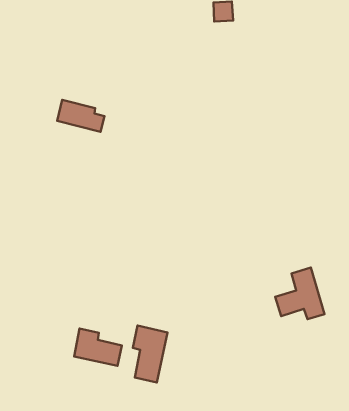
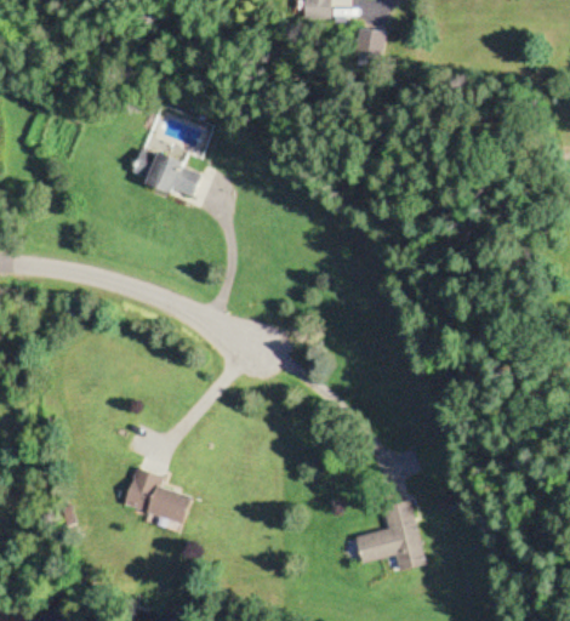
building: [275,268,324,319] -> [355,498,422,570]
building: [133,325,167,382] -> none

